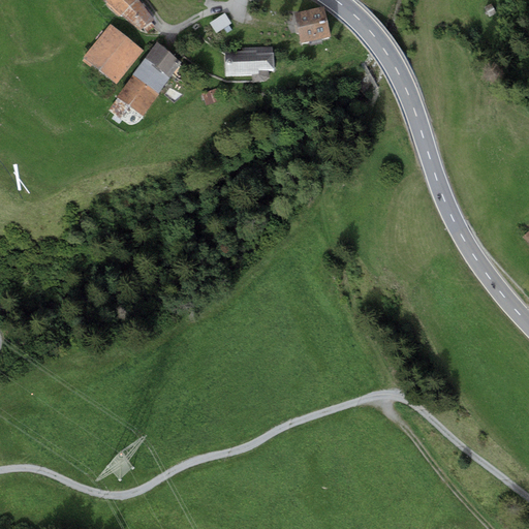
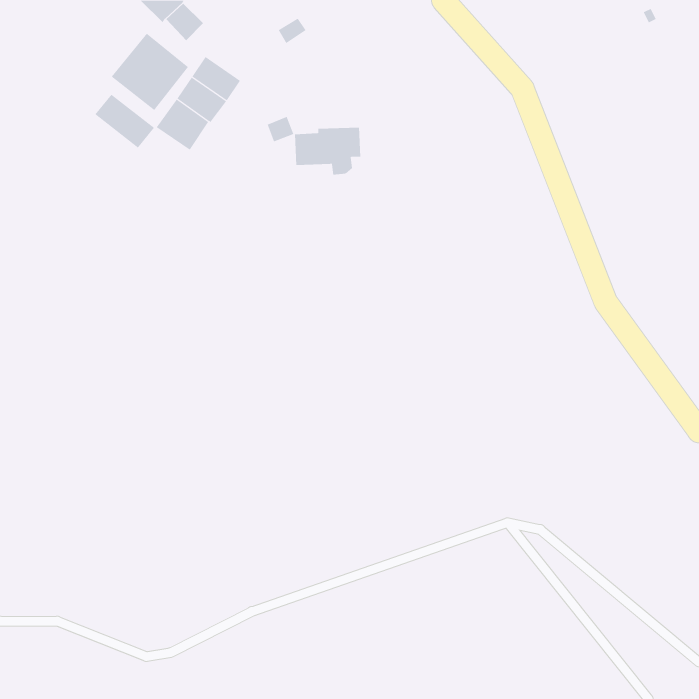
building: [294,6,331,43] -> none
building: [224,46,275,83] -> [294,127,361,175]
building: none -> [94,94,155,149]

